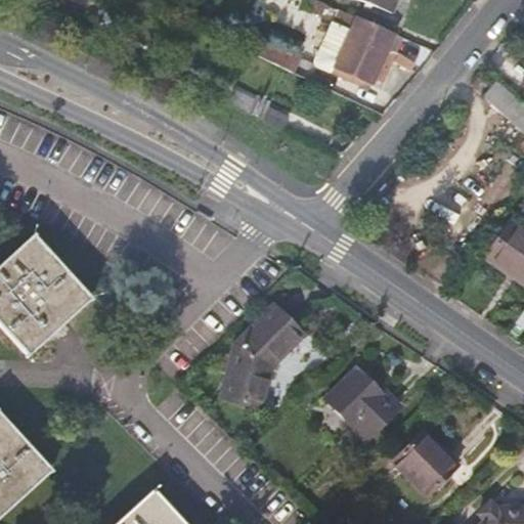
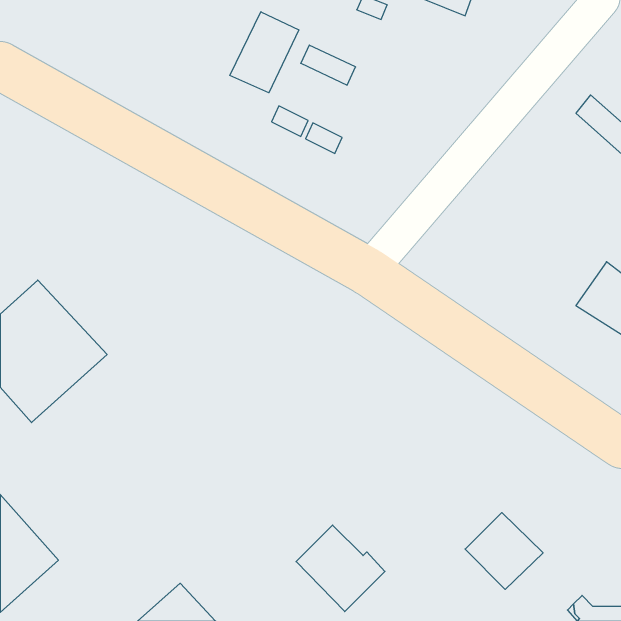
building: none -> [230,12,299,93]
building: [315,10,394,83] -> none
building: [220,304,303,407] -> none
building: [325,367,400,440] -> [296,525,385,612]

